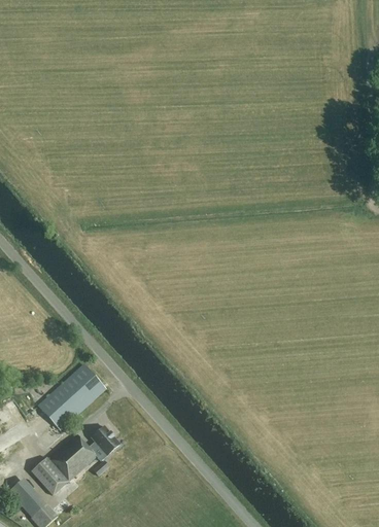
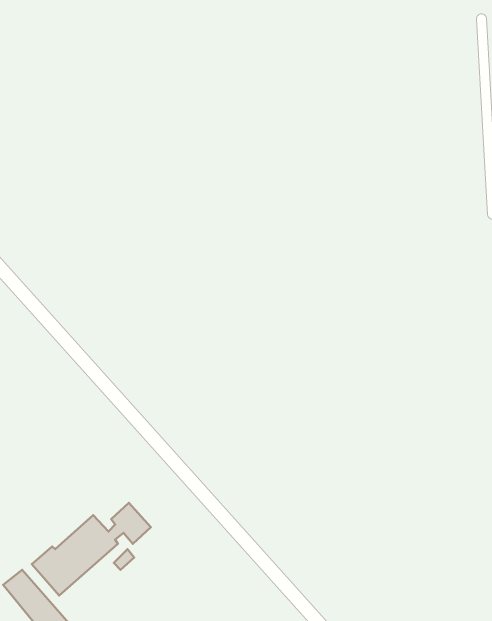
building: [37,364,104,430] -> none

